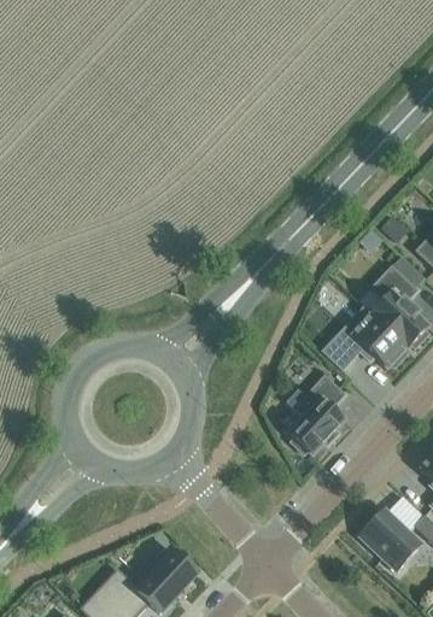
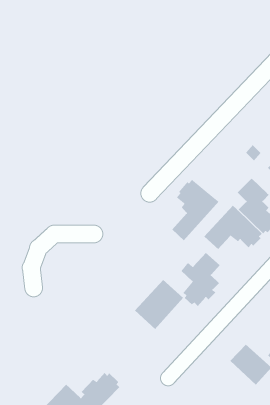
building: none -> [172,178,219,241]
building: none -> [134,279,184,330]

